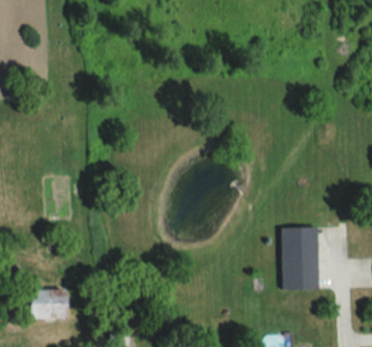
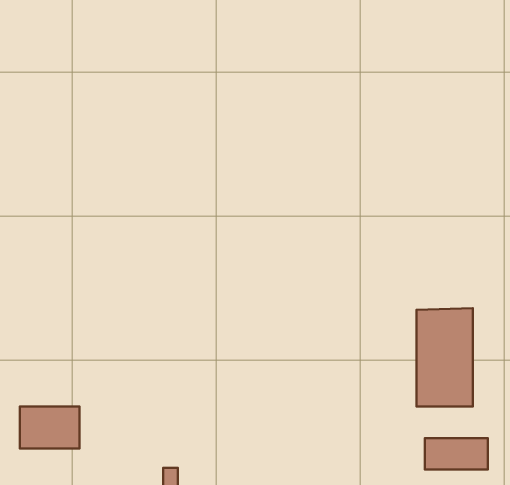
building: none -> [425,438,488,470]

